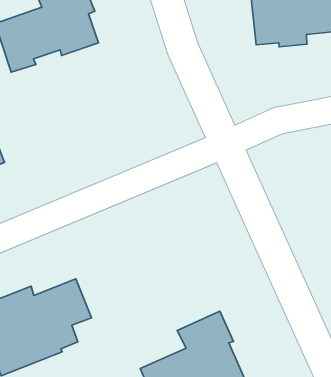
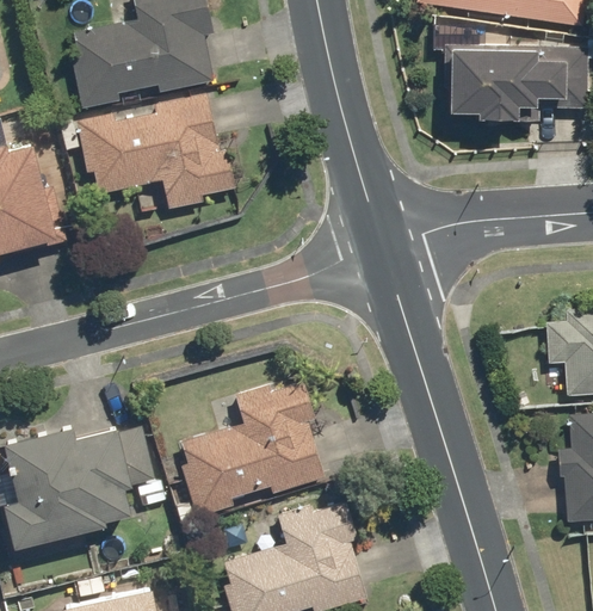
building: none -> [74,92,237,209]
building: none -> [174,379,326,517]

